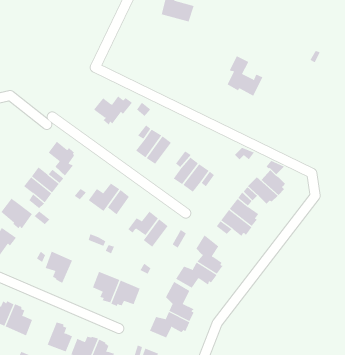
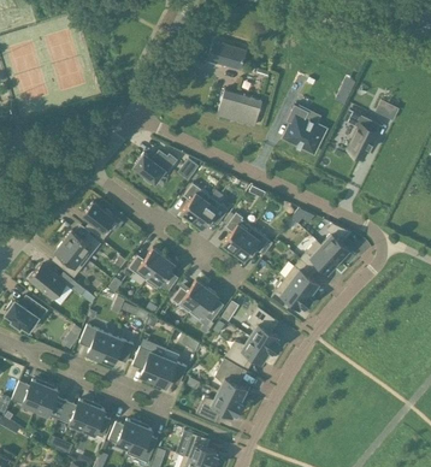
building: none -> [217,89,262,128]
building: none -> [347,110,380,158]
building: none -> [100,335,134,363]
building: none -> [59,398,93,428]

